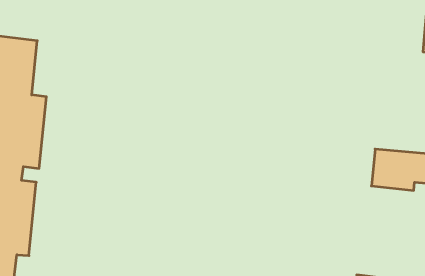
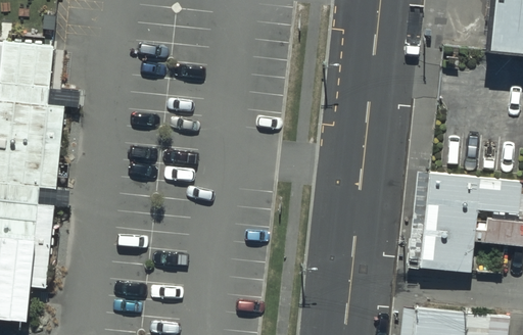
building: none -> [422,208,473,273]

